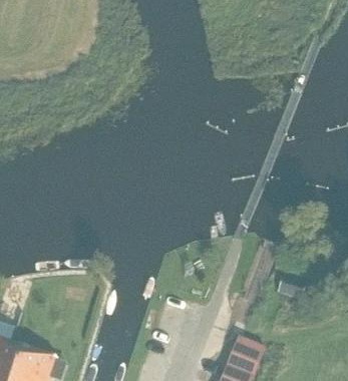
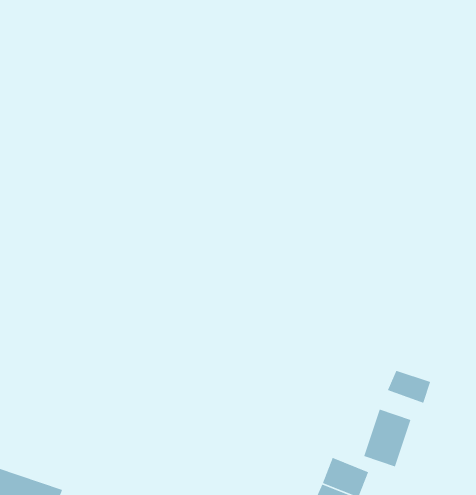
building: none -> [363,408,411,468]

